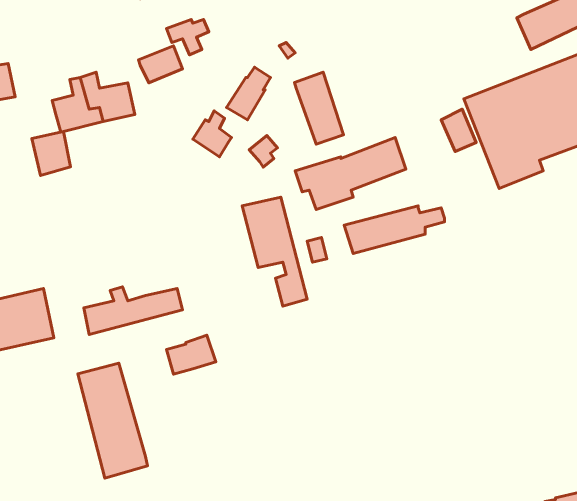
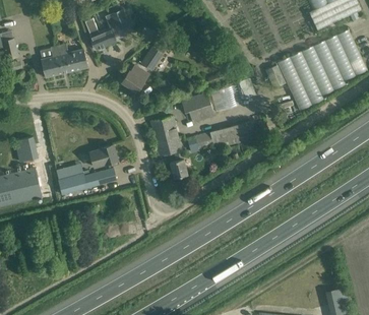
building: [295,72,344,144] -> none
building: [32,132,70,176] -> [14,136,37,162]
building: [166,335,216,374] -> [88,144,117,167]
building: [78,363,148,478] -> none

